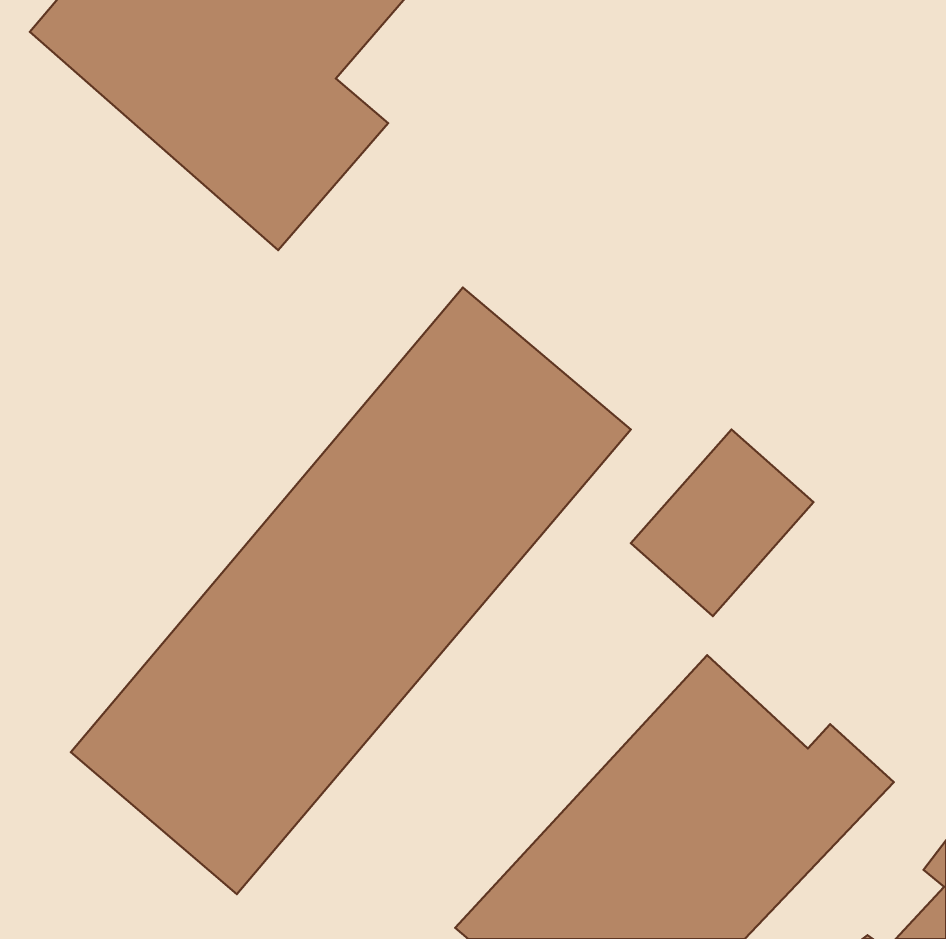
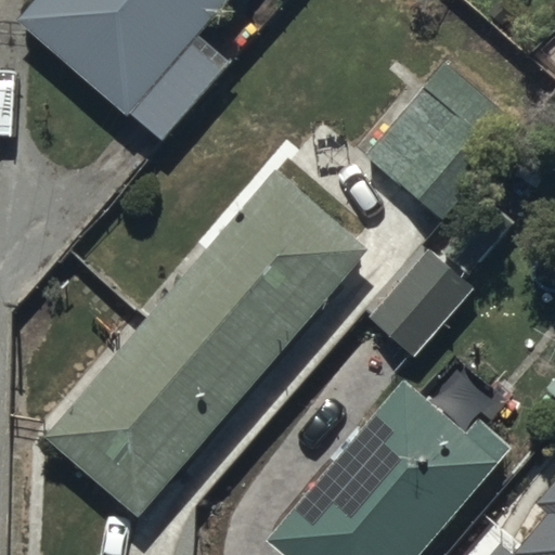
building: none -> [361,60,528,227]

